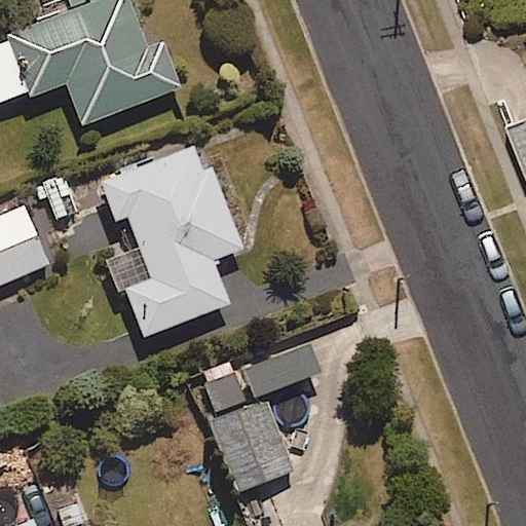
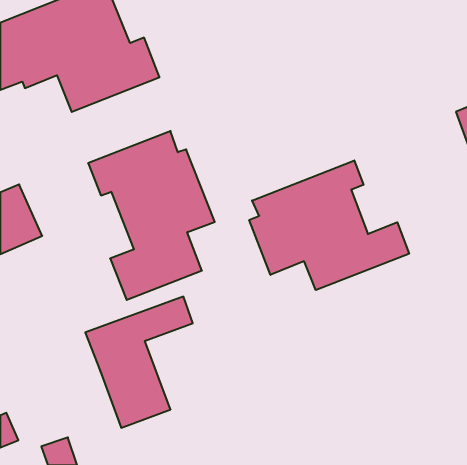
building: none -> [249,160,409,290]
building: [198,344,318,491] -> [85,297,193,428]

